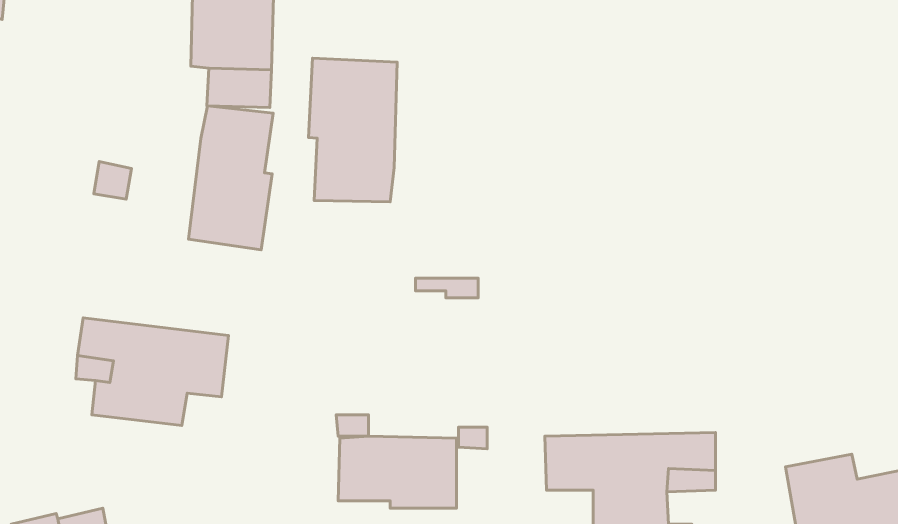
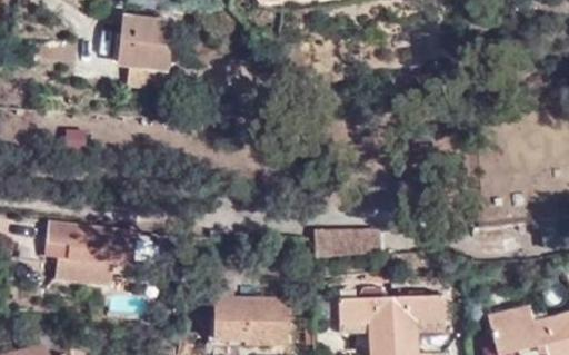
building: [309,58,397,202] -> none
building: [188,106,273,250] -> none
building: none -> [319,226,385,254]

